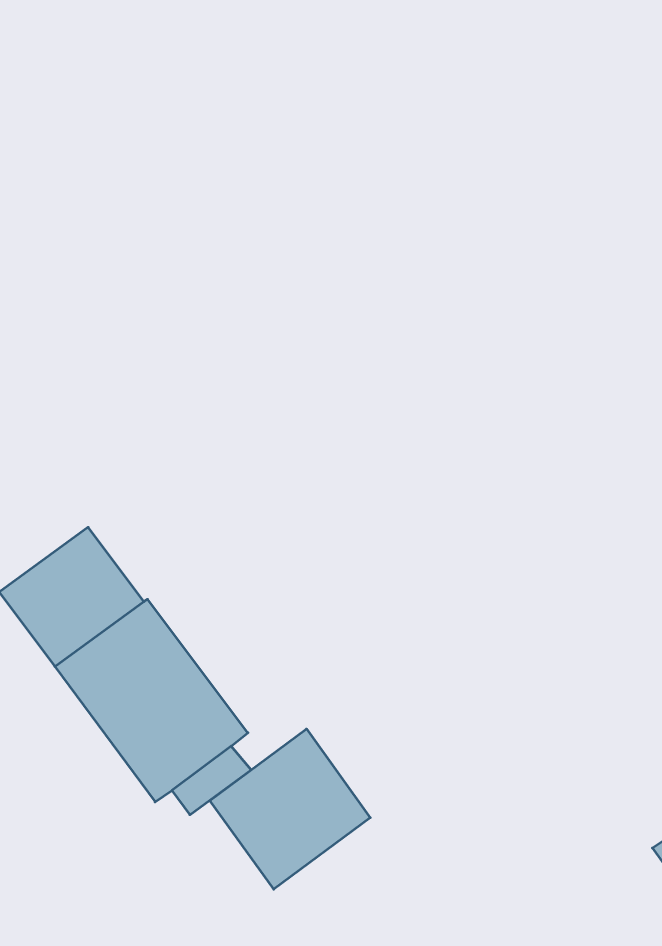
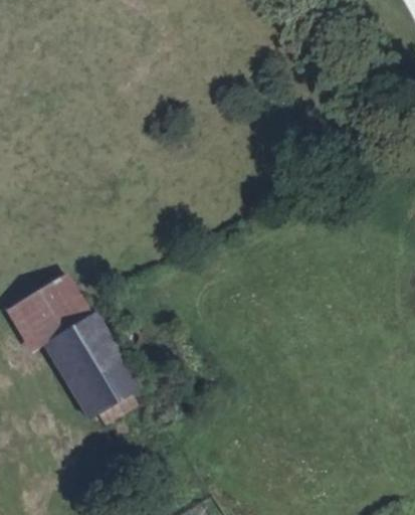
building: [210,729,370,889] -> none

